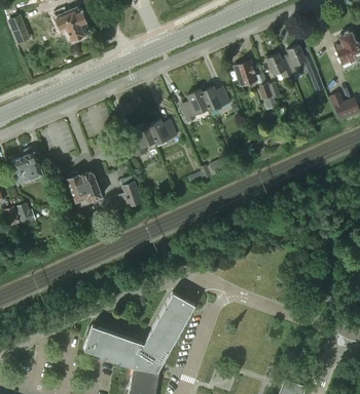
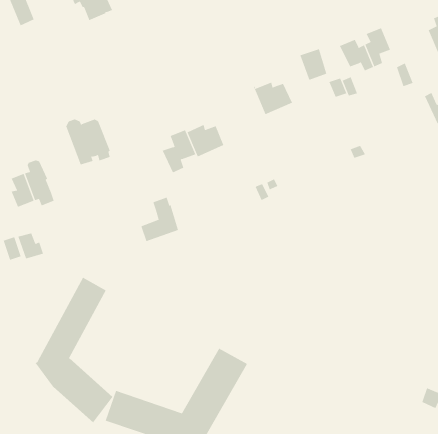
building: [182,90,208,122] -> none
building: [68,171,103,207] -> [66,119,111,165]
building: none -> [35,277,113,423]

